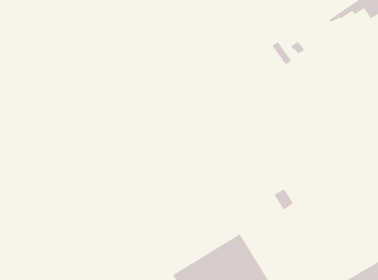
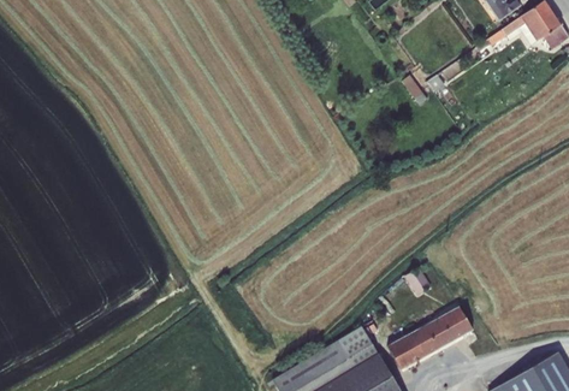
building: none -> [386,306,473,371]

